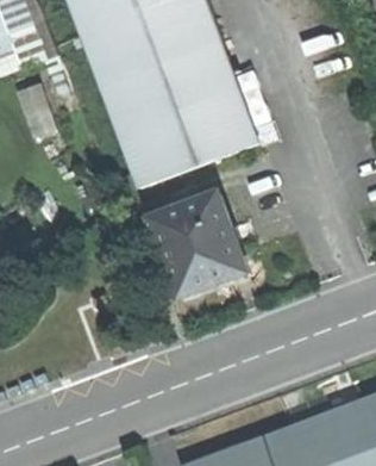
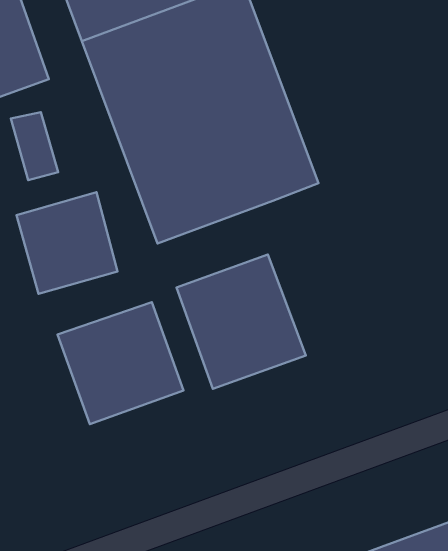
building: none -> [16,192,118,294]
building: none -> [58,302,183,424]

